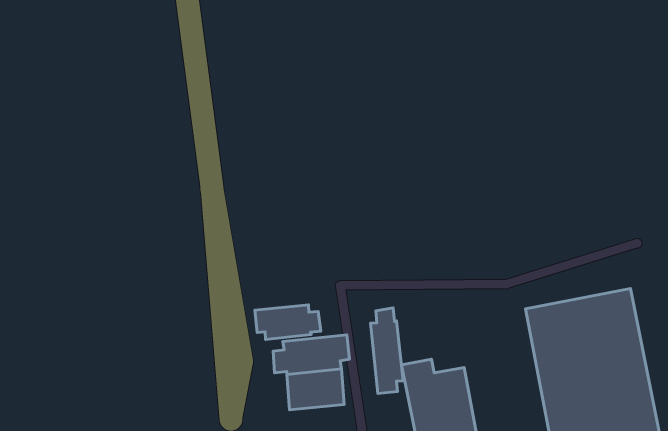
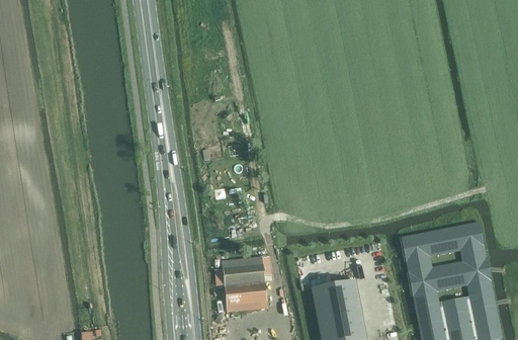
building: [255,305,321,339] -> none
building: [370,308,403,394] -> none

